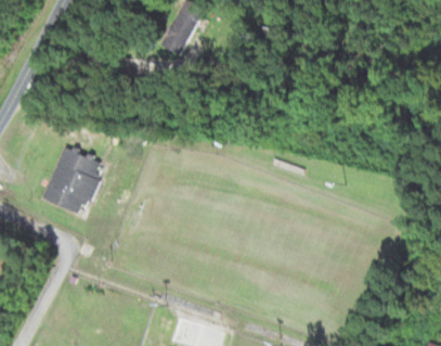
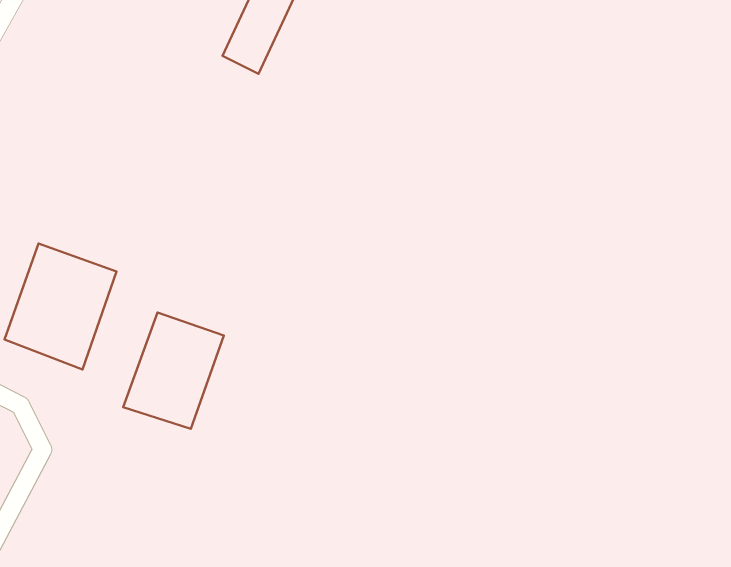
building: none -> [123,312,224,429]

